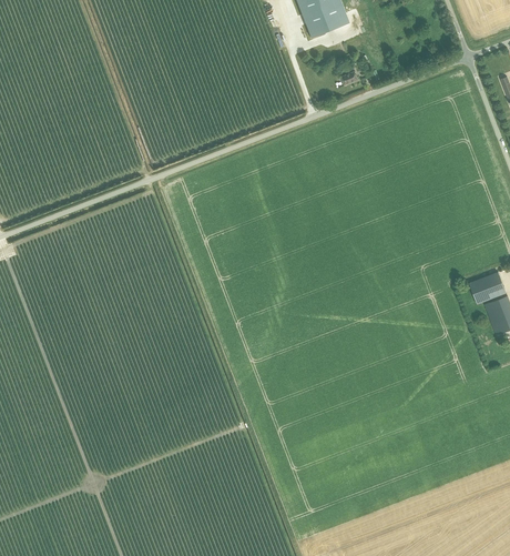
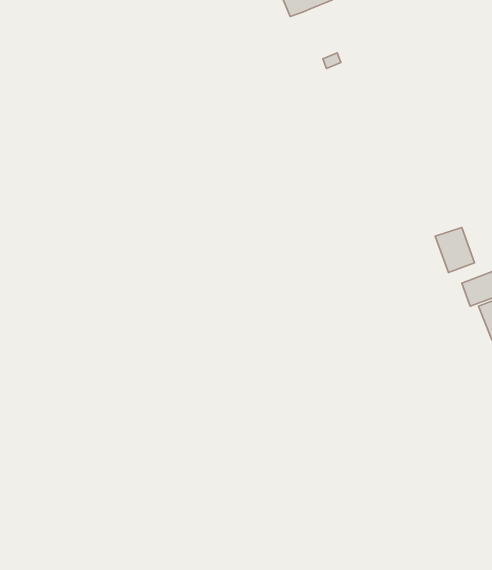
building: none -> [435,228,474,272]

